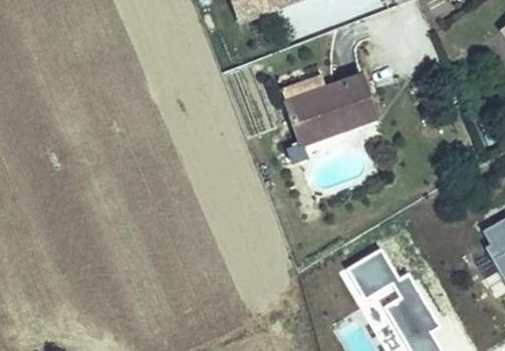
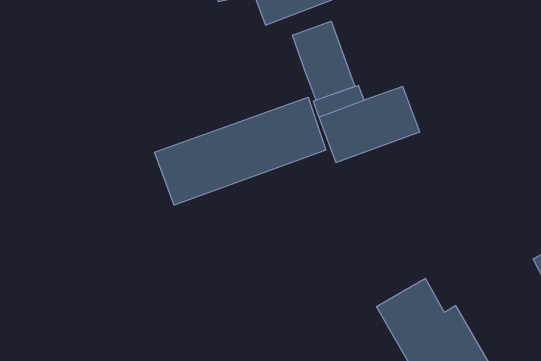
building: none -> [292,21,355,100]
building: none -> [155,97,326,205]

